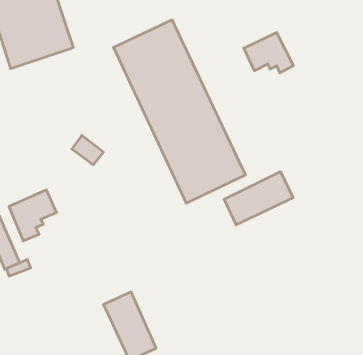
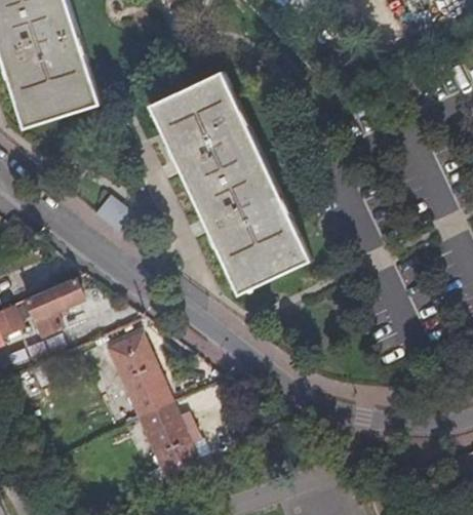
building: [244,32,293,73] -> none
building: [224,172,293,225] -> none
building: none -> [108,336,170,418]

